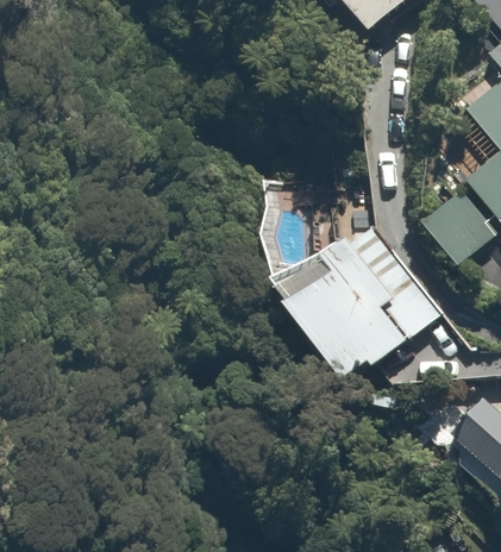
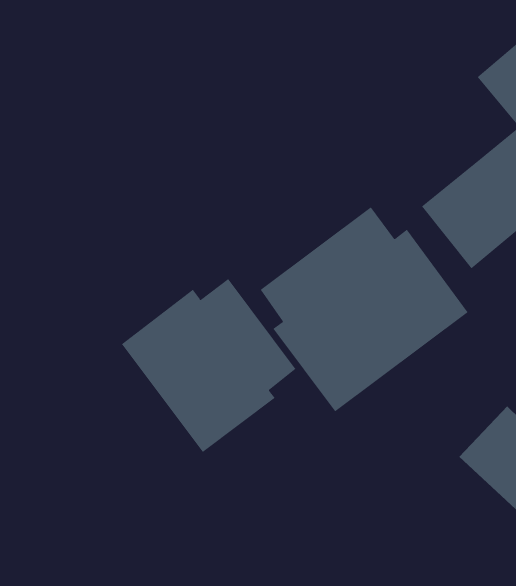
building: none -> [121,278,296,453]

